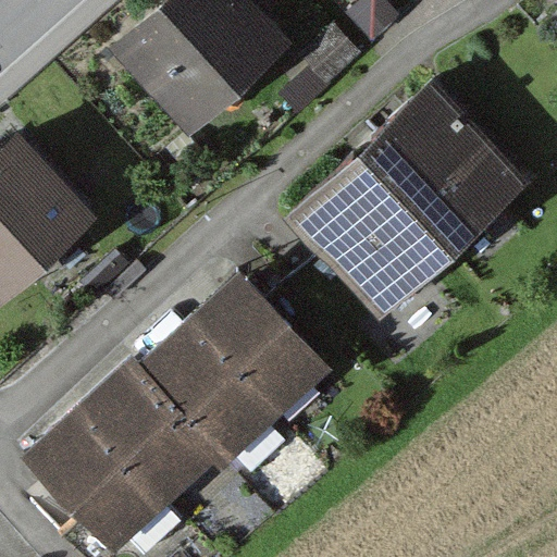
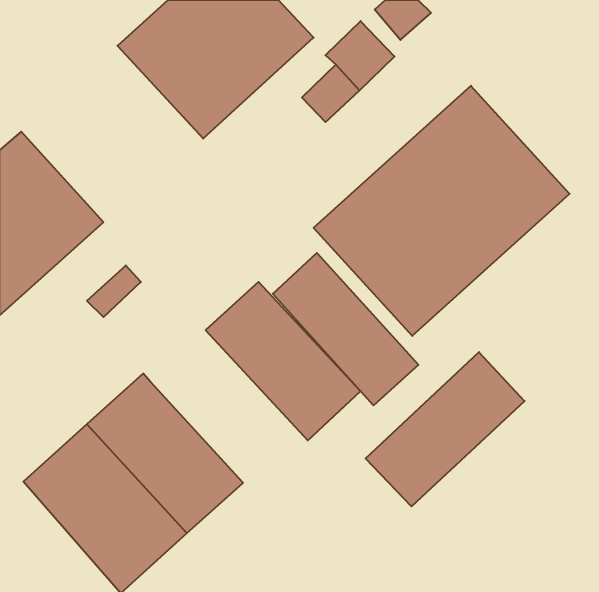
building: none -> [273,253,418,405]
building: [139,313,285,463] -> none
building: none -> [366,352,525,506]

